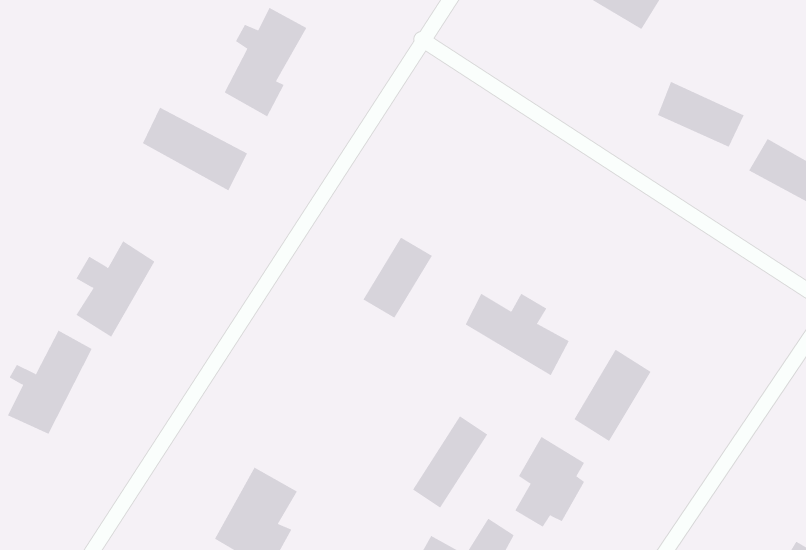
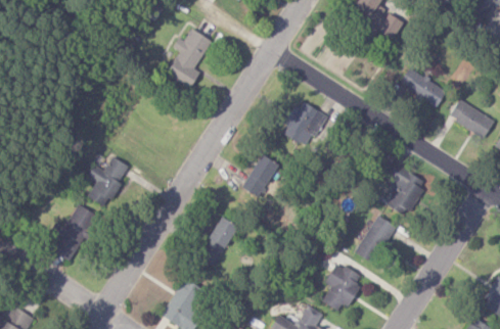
building: [142,107,248,191] -> none
building: none -> [284,99,326,146]
building: none -> [384,162,424,216]
building: [465,293,569,376] -> none
building: [412,416,488,509] -> [197,216,238,266]

